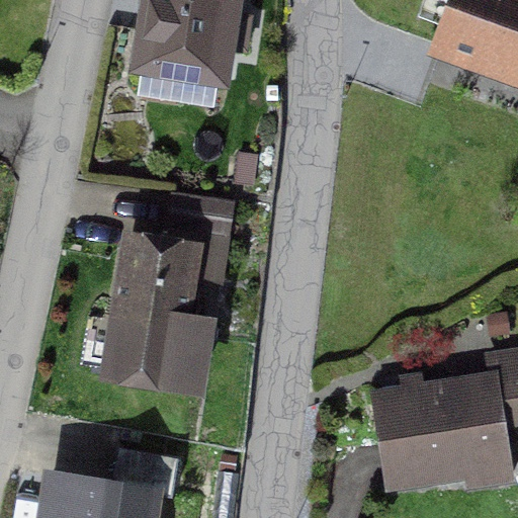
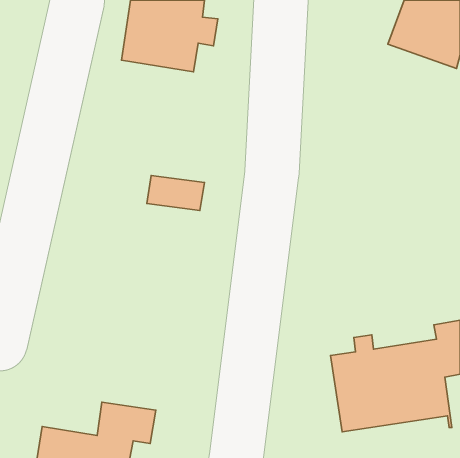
building: [114,243,203,390] -> none

